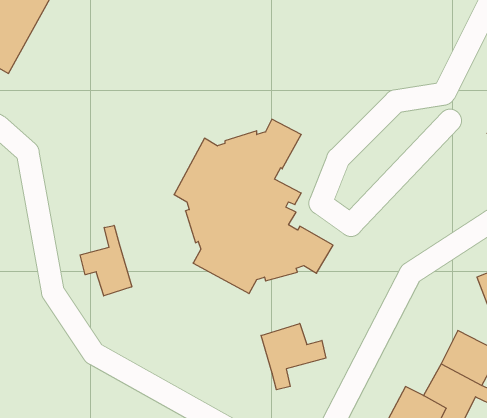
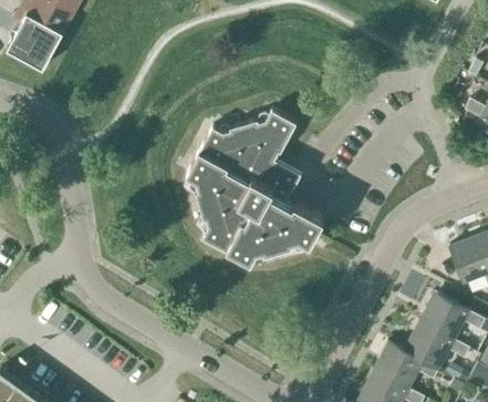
building: [80,225,132,296] -> none
building: [261,323,326,390] -> none

